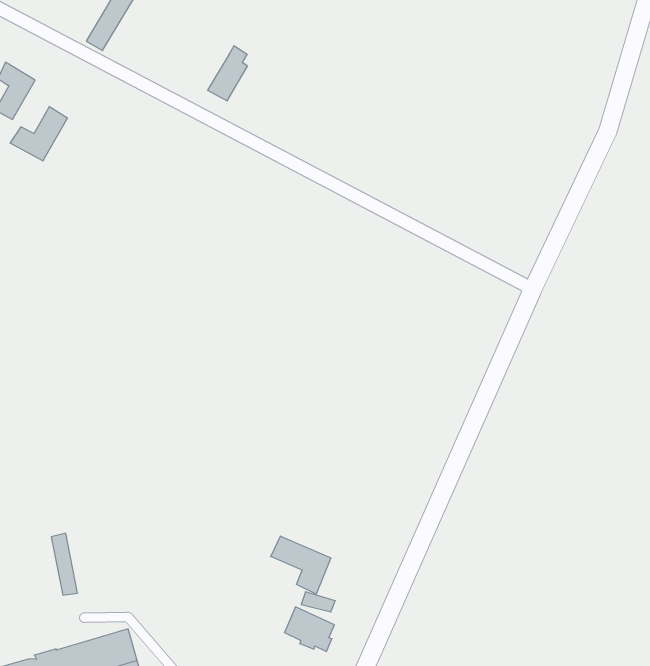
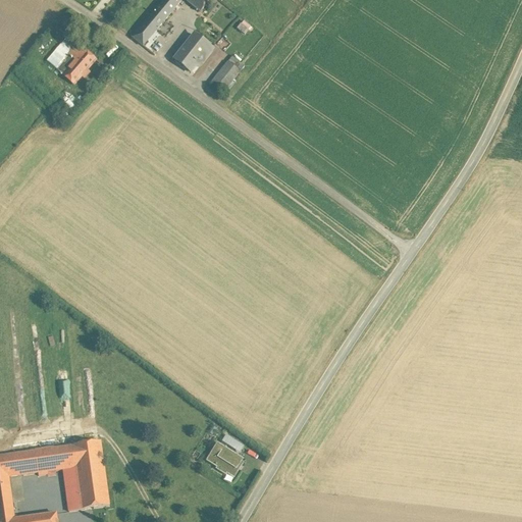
building: none -> [173,34,211,68]
building: [10,106,68,161] -> none
building: [271,536,331,594] -> none

